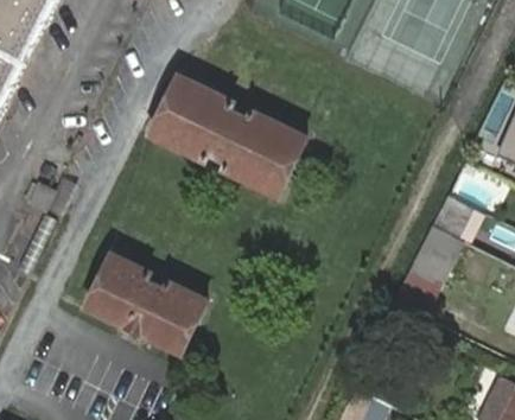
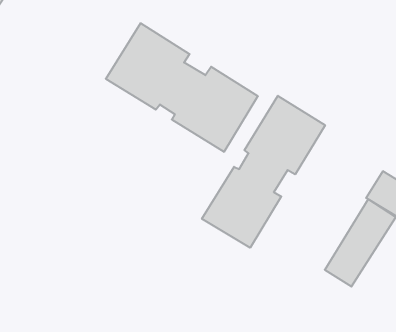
building: none -> [202,96,325,248]
building: [81,250,203,350] -> none

